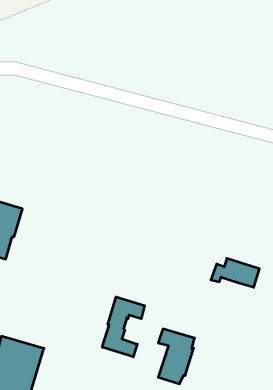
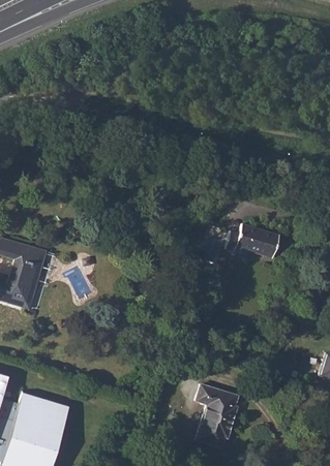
building: [211,258,259,287] -> [224,224,278,256]
building: [102,297,145,357] -> none

